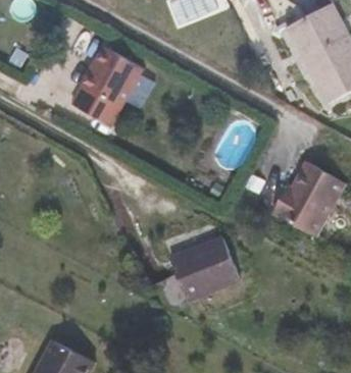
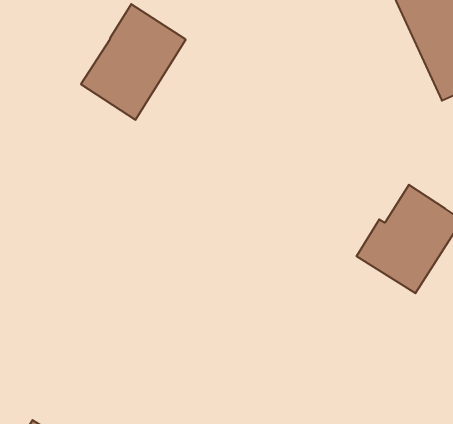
building: [145,237,241,313] -> none

